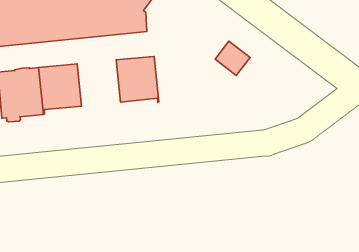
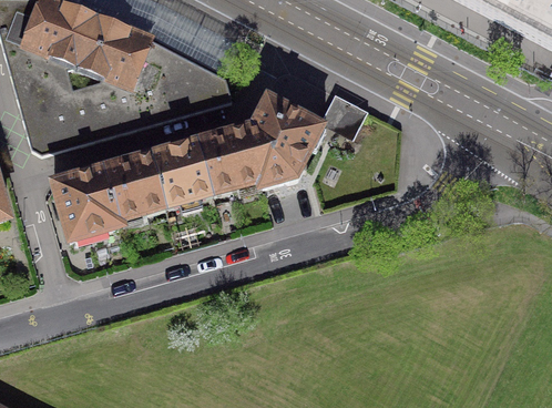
building: none -> [246,98,321,184]
building: none -> [152,141,214,206]

